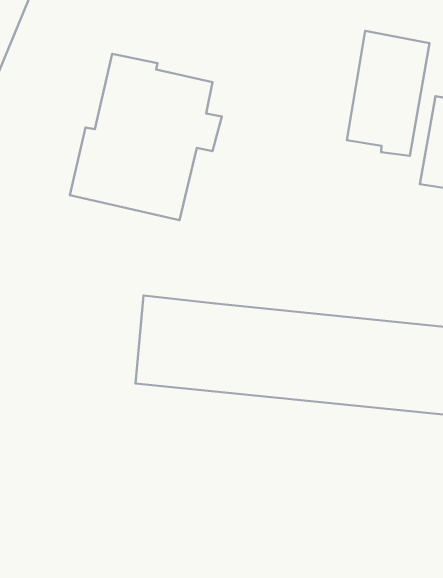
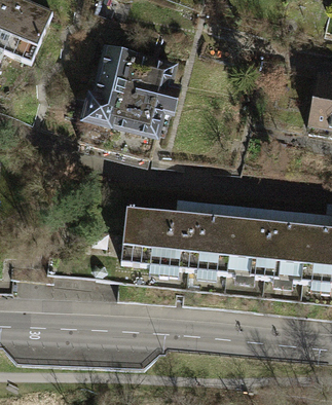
building: [347,31,429,156] -> none

